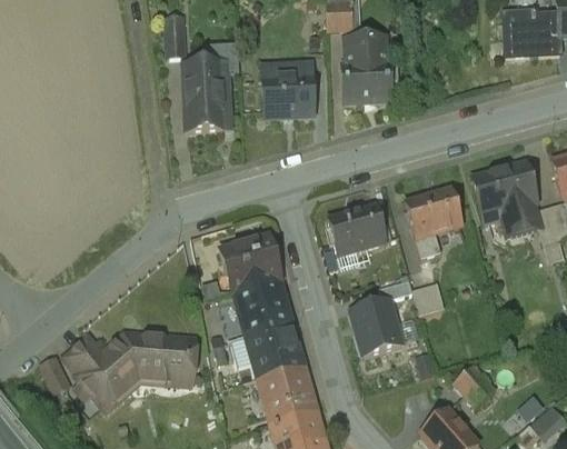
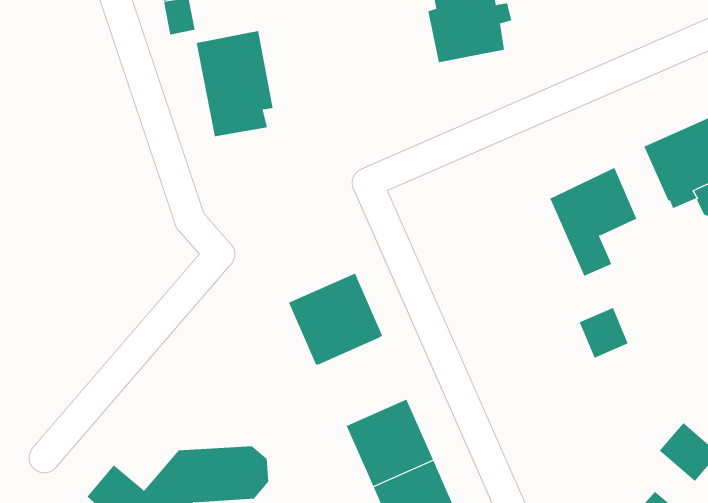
building: [263,60,315,114] -> none
building: [328,202,387,253] -> none
building: [219,277,291,332] -> none
building: [351,293,401,352] -> none

